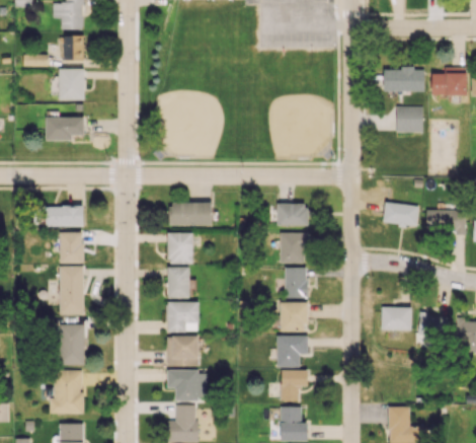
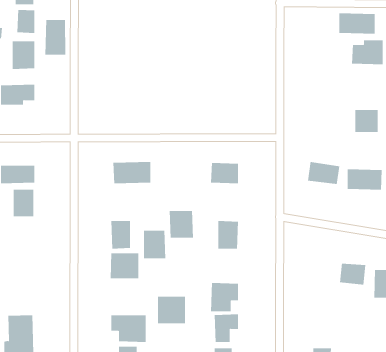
building: none -> [45,19,66,56]
building: [384,68,424,91] -> [338,13,375,34]
building: [396,106,422,132] -> [355,110,379,133]
building: [168,232,193,264] -> [143,230,166,259]
building: [280,232,307,263] -> [169,211,194,238]
building: [60,266,84,314] -> none
building: [280,302,307,331] -> none
building: [381,306,411,330] -> none
building: [59,324,85,365] -> none
building: [167,336,199,366] -> [157,296,186,324]

